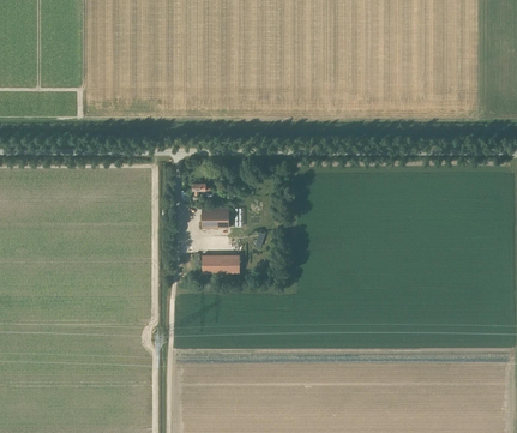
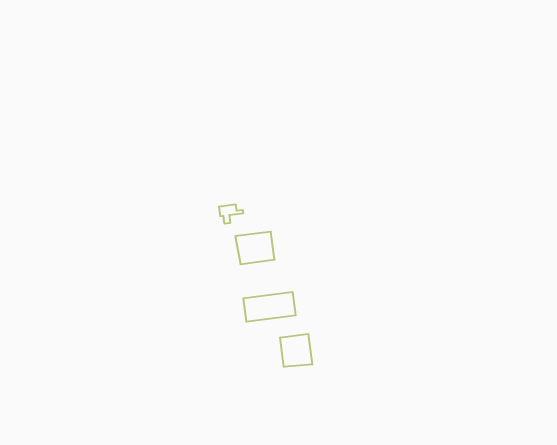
building: none -> [280,334,312,367]

